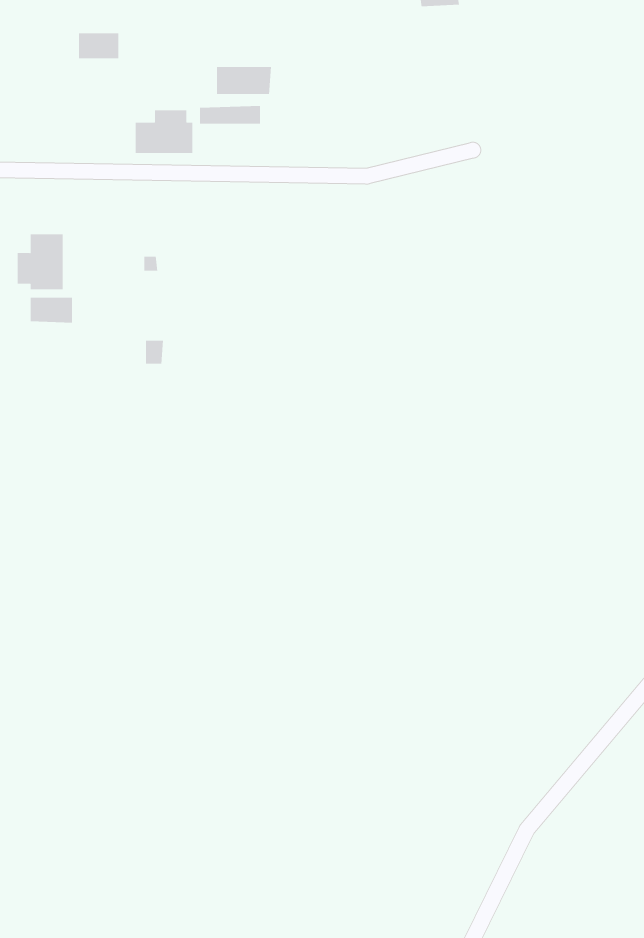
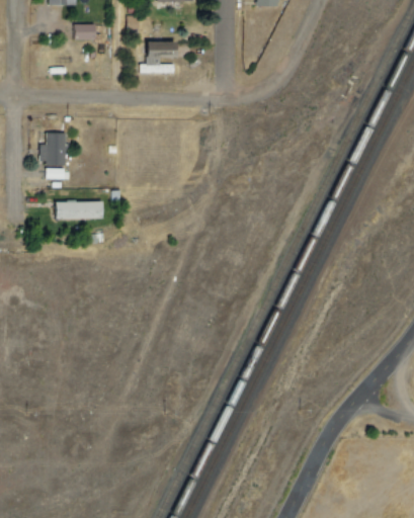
building: [135,110,193,154] -> none
building: none -> [57,201,103,220]

